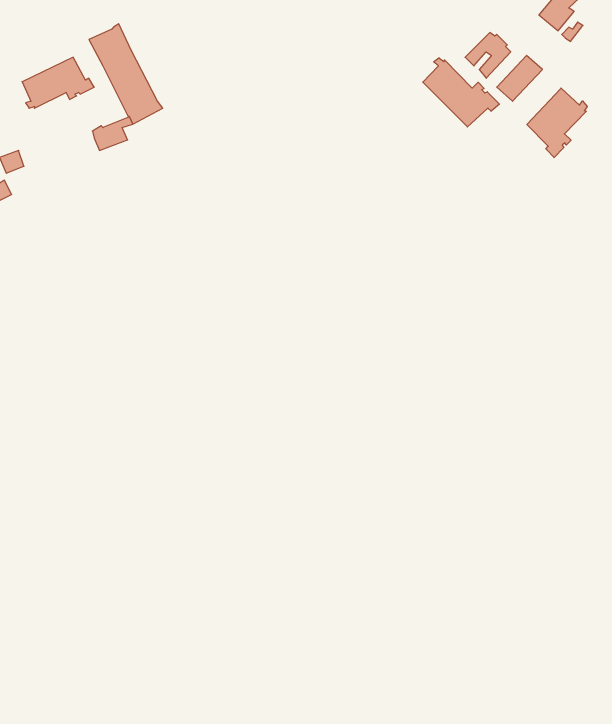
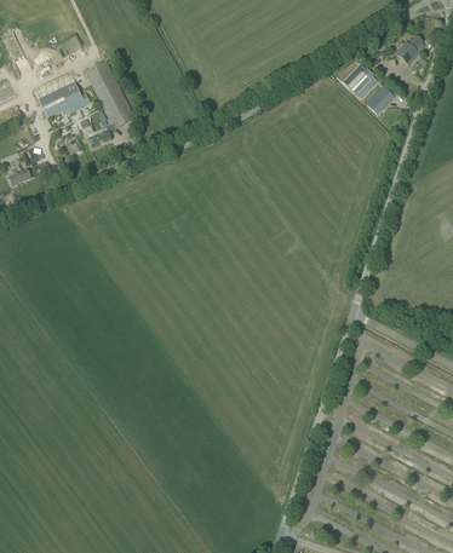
building: [423,58,499,127] -> none
building: [527,88,587,158] -> none

